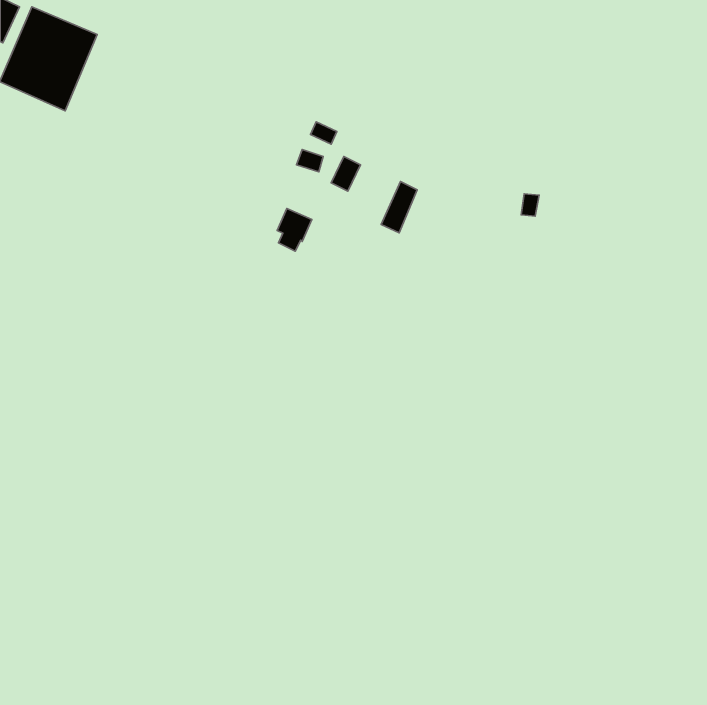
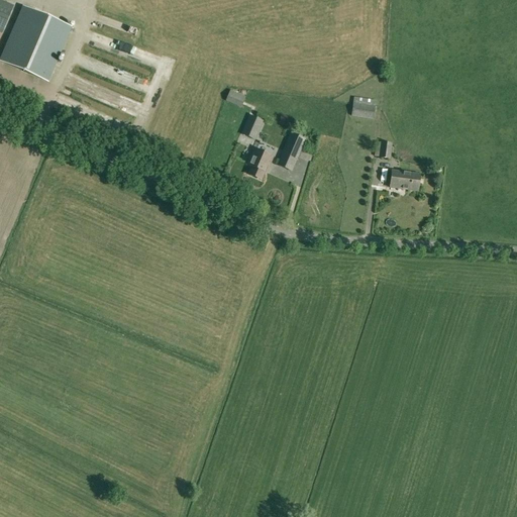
building: none -> [352,96,378,117]
building: [277,208,312,251] -> [248,147,274,179]
building: none -> [391,171,421,190]

